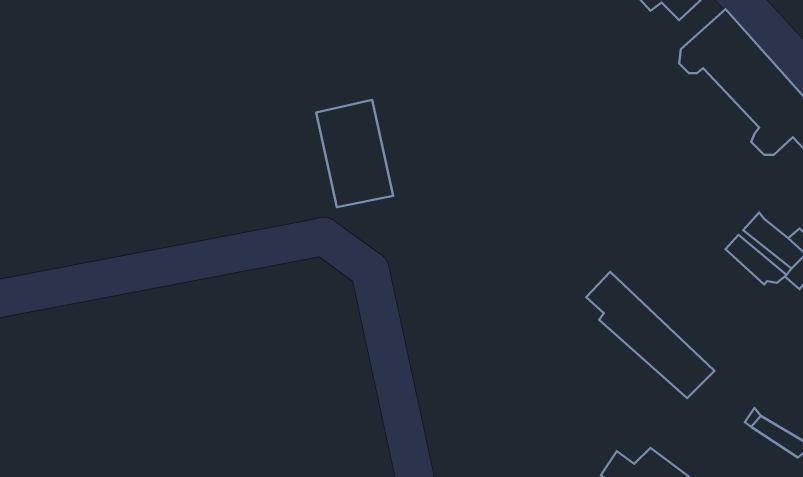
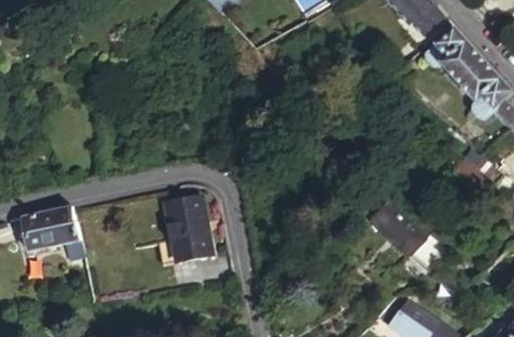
building: [316,100,393,207] -> [168,197,216,264]
building: none -> [24,207,83,262]

